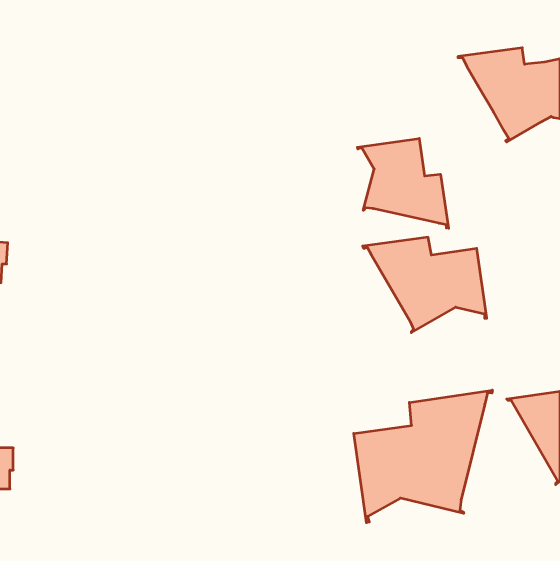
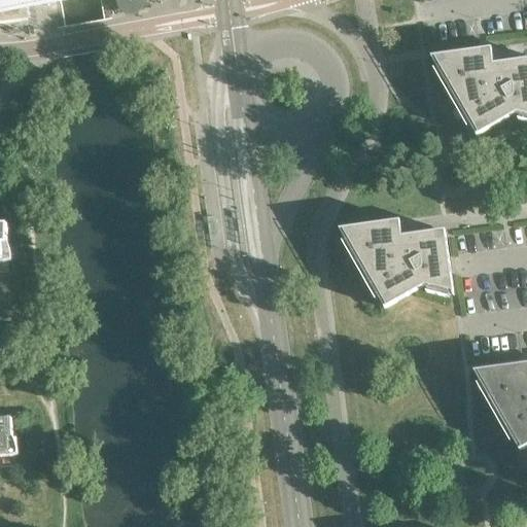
building: [357,138,449,228] -> none
building: [354,390,492,523] -> none

